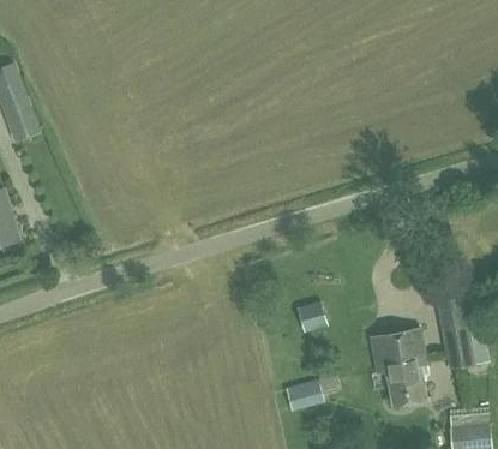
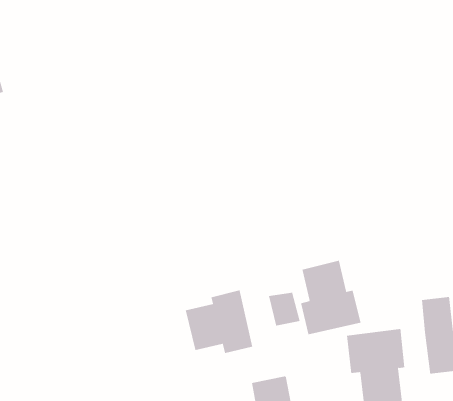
building: none -> [300,260,361,335]
building: none -> [185,290,253,354]

